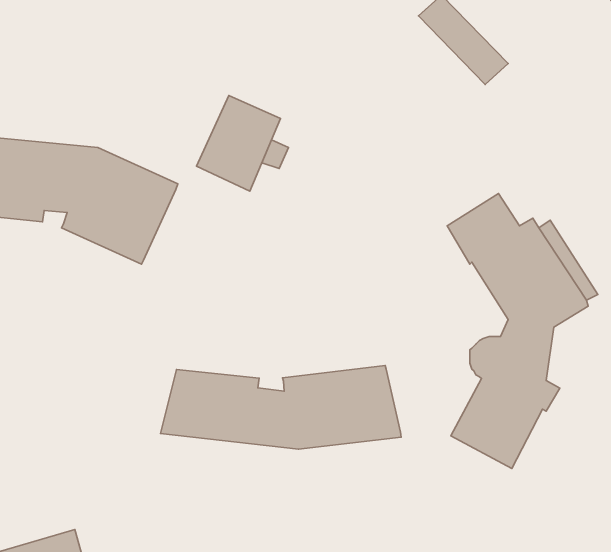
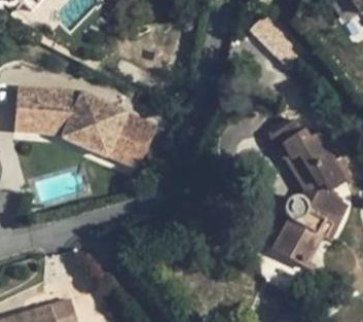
building: [196,96,280,191] -> [107,116,152,168]
building: [160,366,401,449] -> none

